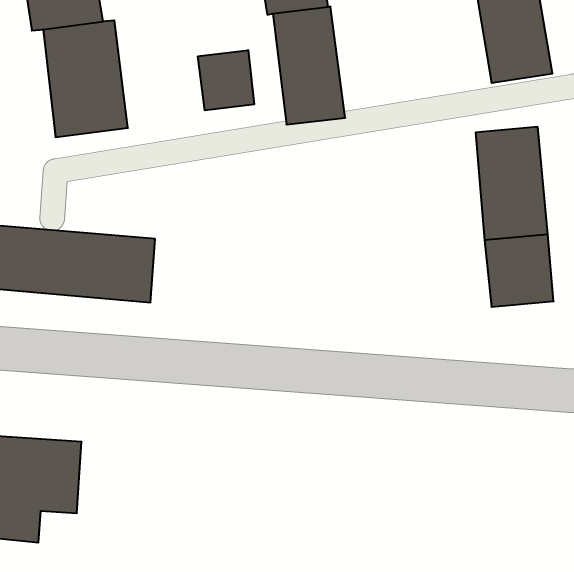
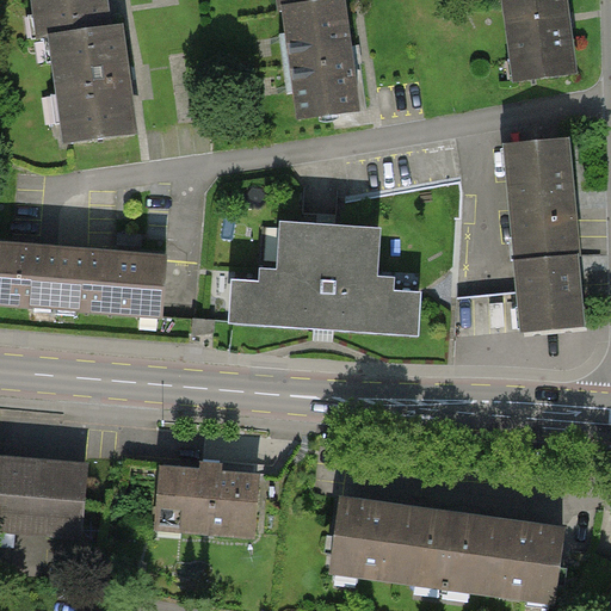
building: [198,50,254,110] -> none
building: none -> [227,218,418,331]
building: none -> [160,470,263,539]
building: none -> [333,501,557,593]

